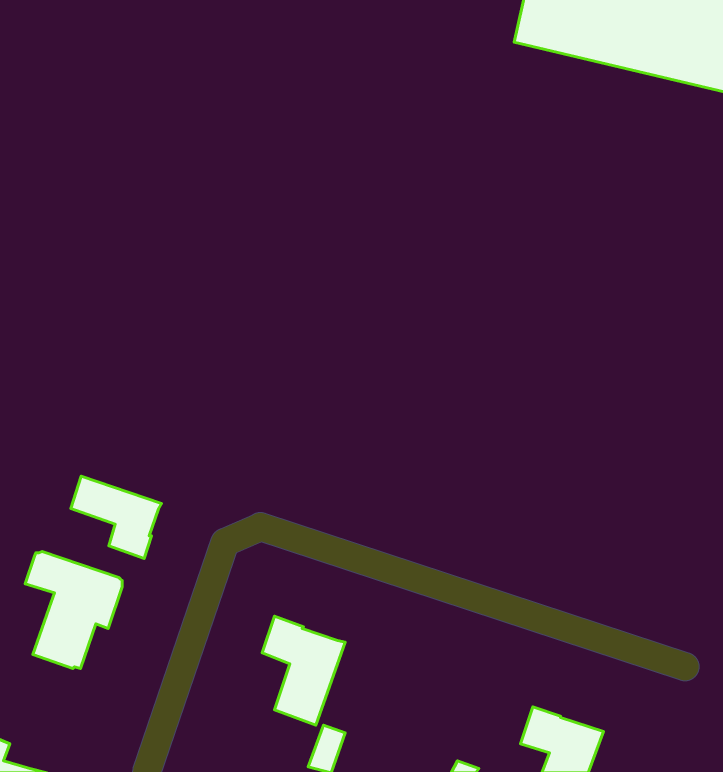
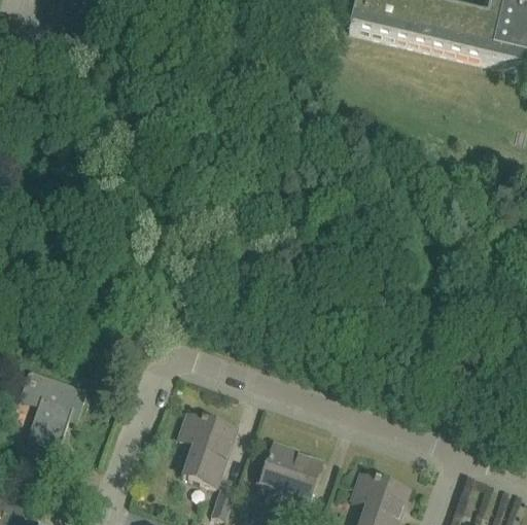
building: [71,476,162,559] -> none
building: none -> [260,444,319,510]

